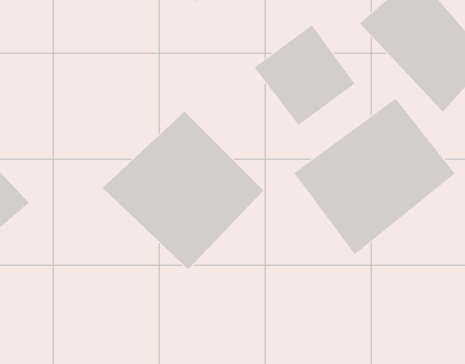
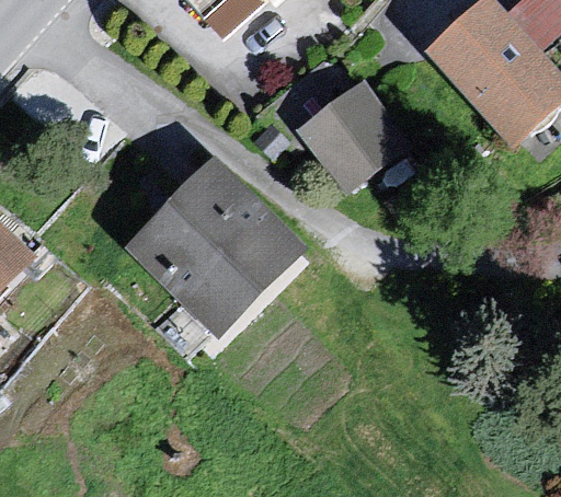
building: [294,98,455,255] -> none

